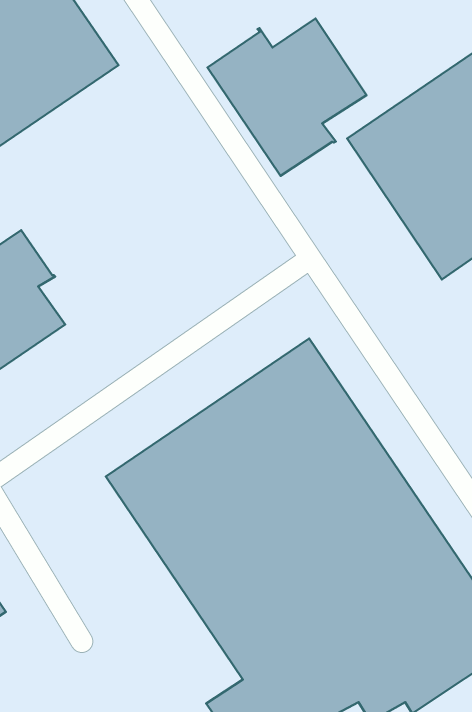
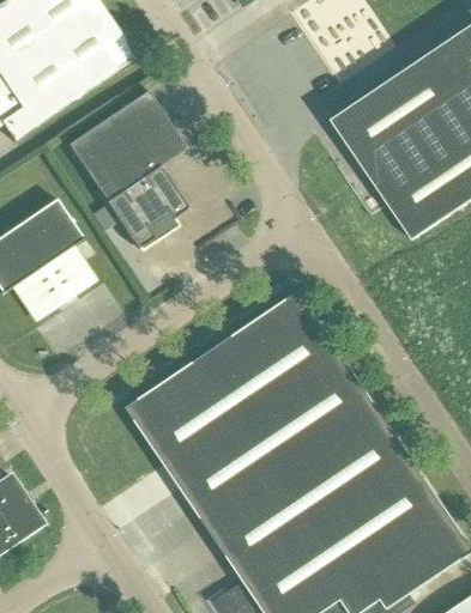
building: [207,19,367,176] -> none
building: none -> [67,91,188,251]

